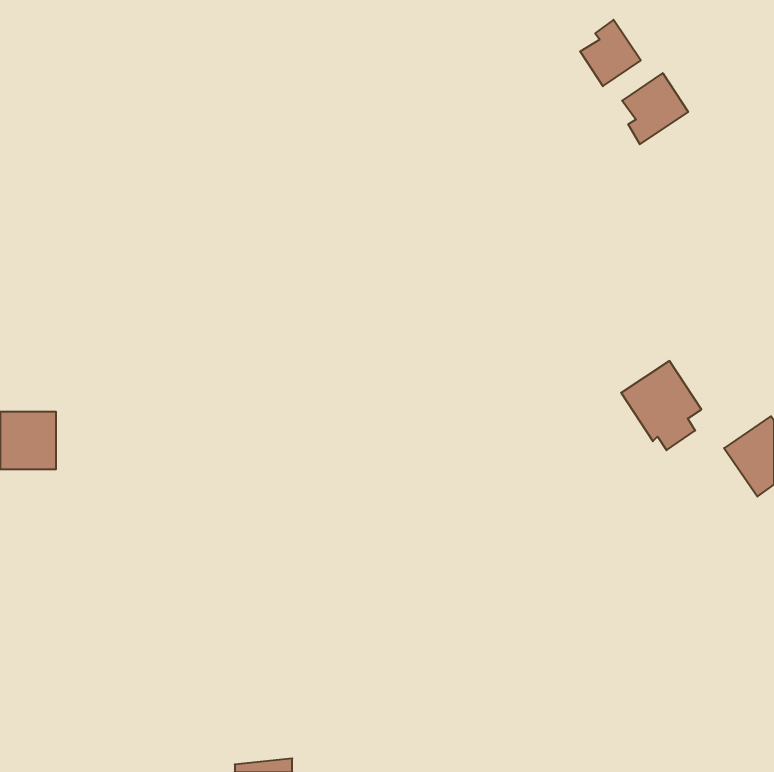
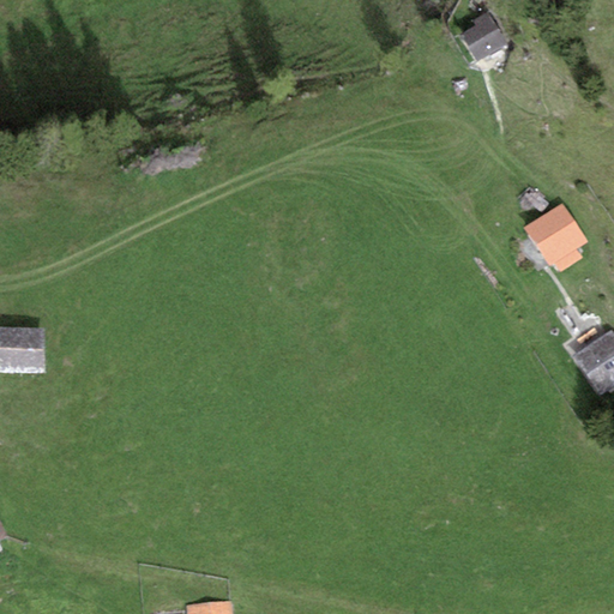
building: [622,73,688,144] -> none
building: [621,361,701,450] -> [524,201,588,272]

